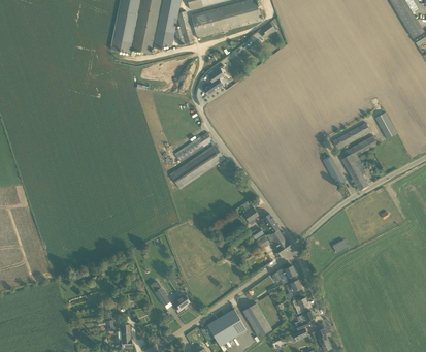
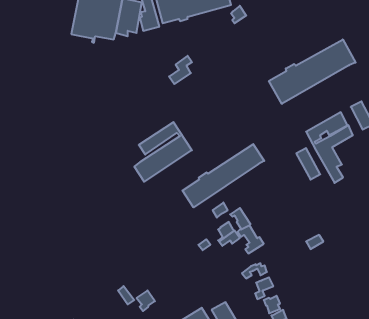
building: none -> [269,39,356,104]
building: none -> [182,144,264,207]

